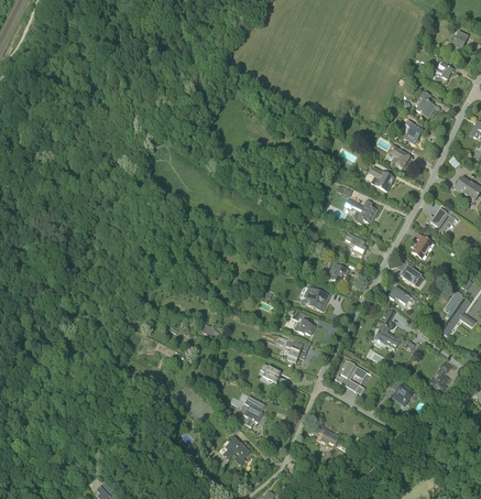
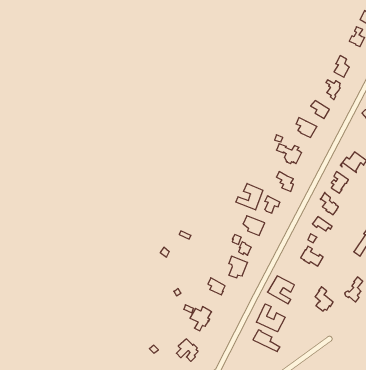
building: none -> [236,183,263,210]
building: none -> [256,304,285,332]

